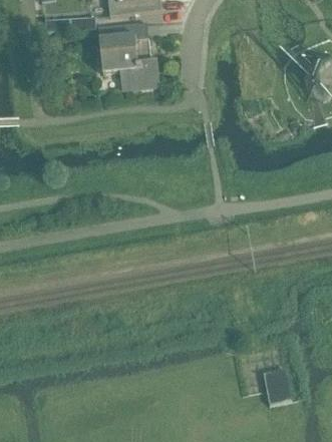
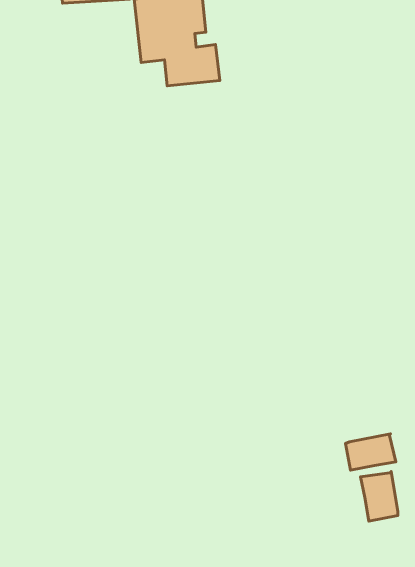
building: none -> [346,434,396,470]

